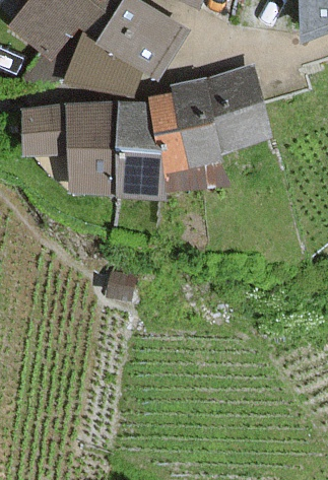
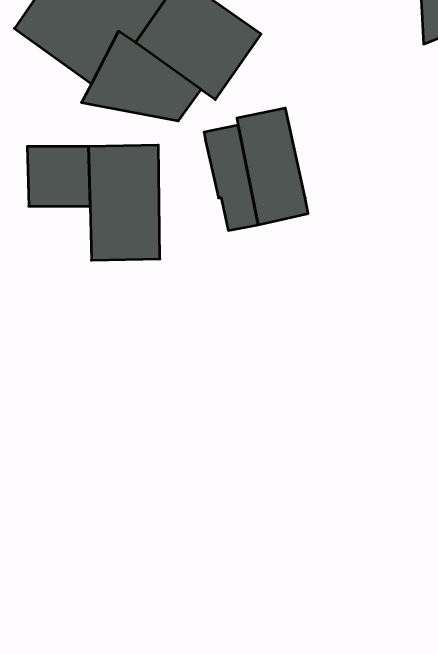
building: [205,72,267,146] -> none
building: [115,106,165,195] -> none

